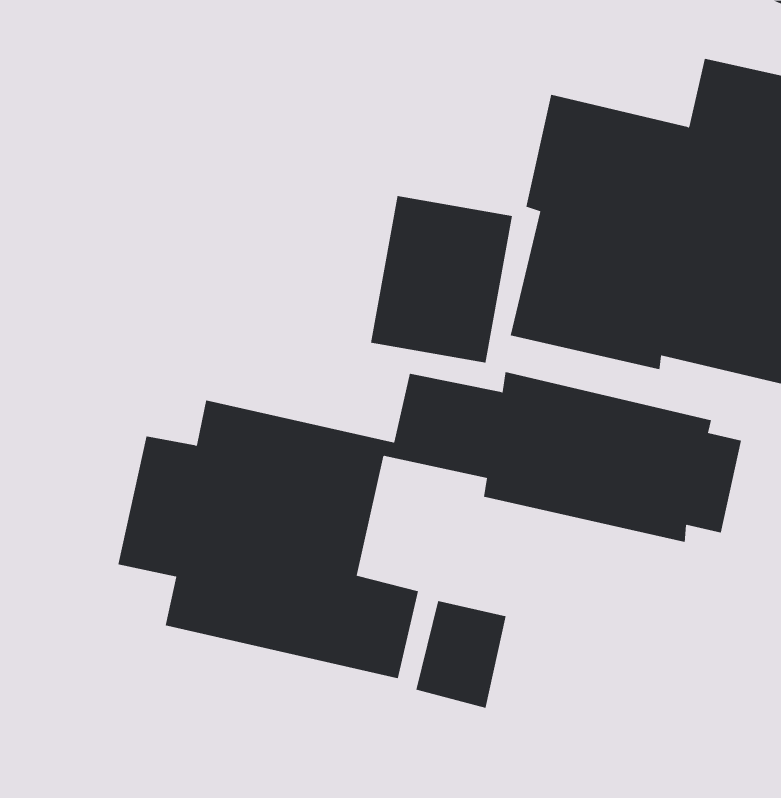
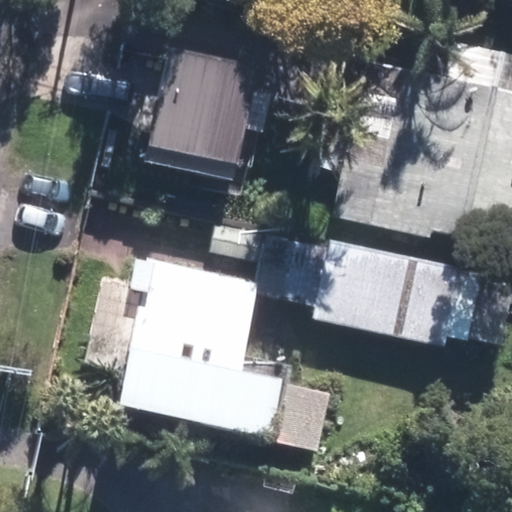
building: [370,196,513,363] -> [177,60,268,167]

